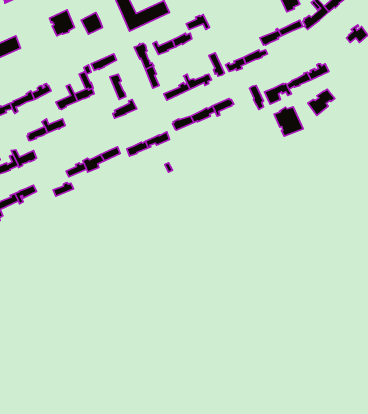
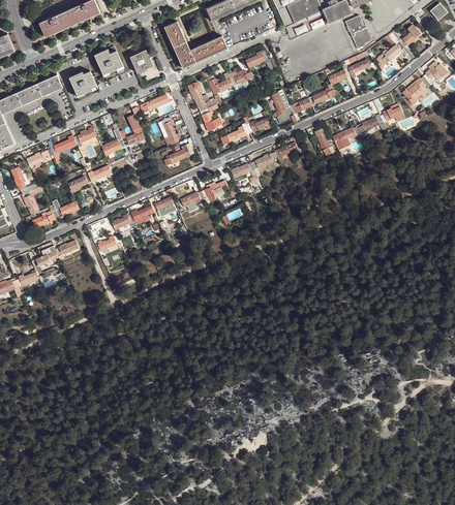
building: none -> [68,70,95,96]
building: [308,89,335,115] -> [401,76,431,105]
building: [274,107,303,136] -> none

